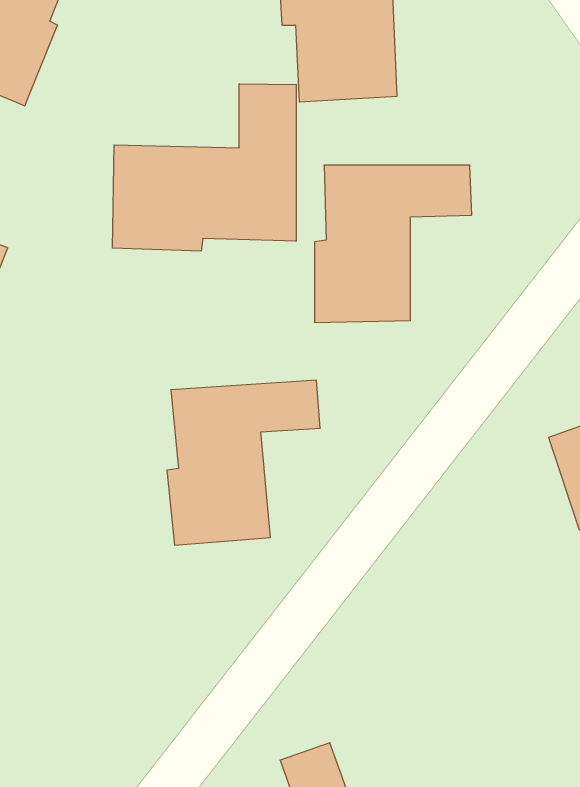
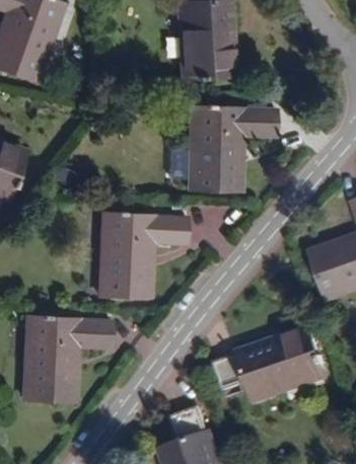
building: [112,84,296,251] -> none
building: none -> [32,322,118,408]
building: none -> [214,328,324,399]

